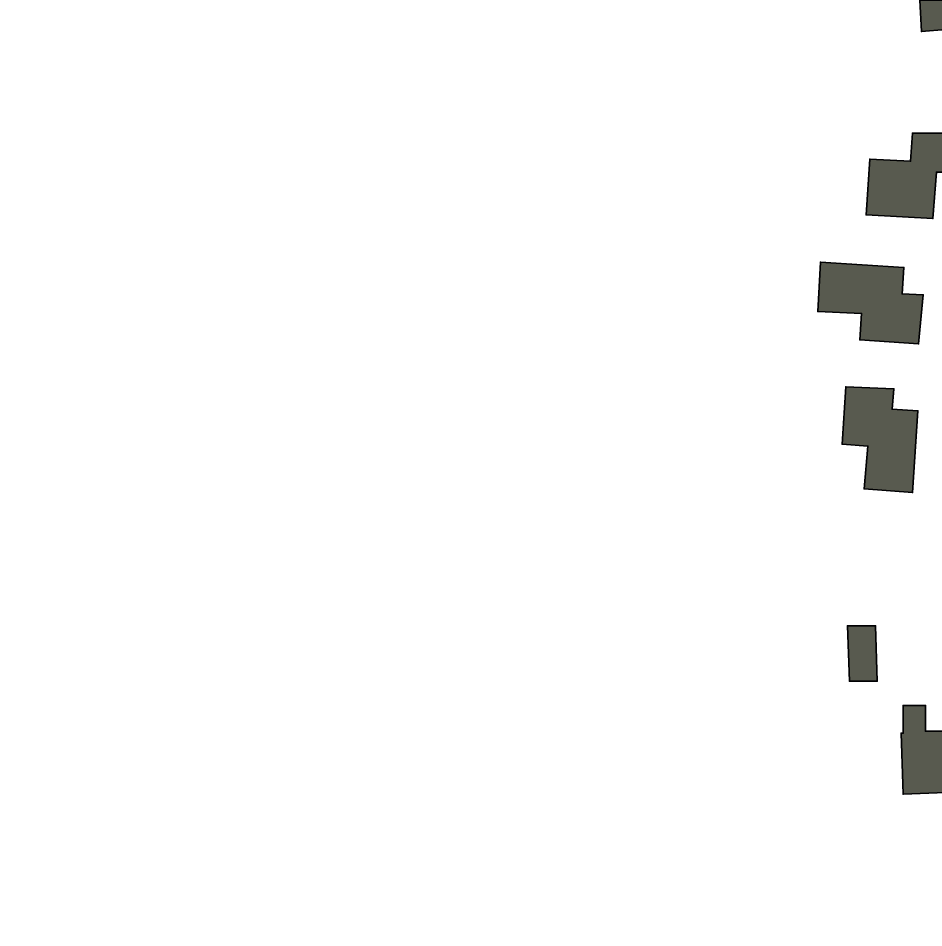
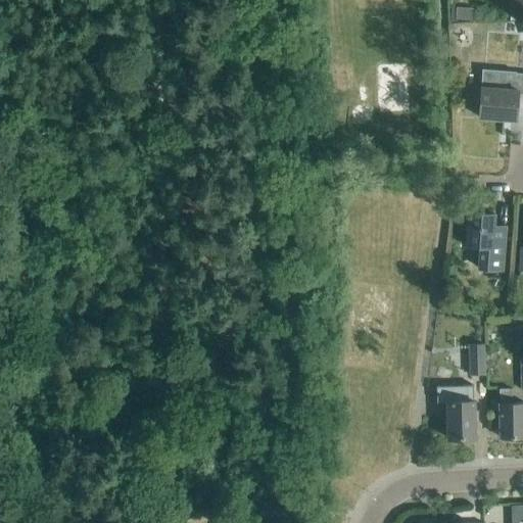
building: [818,262,923,344] -> none
building: none -> [437,386,476,439]

